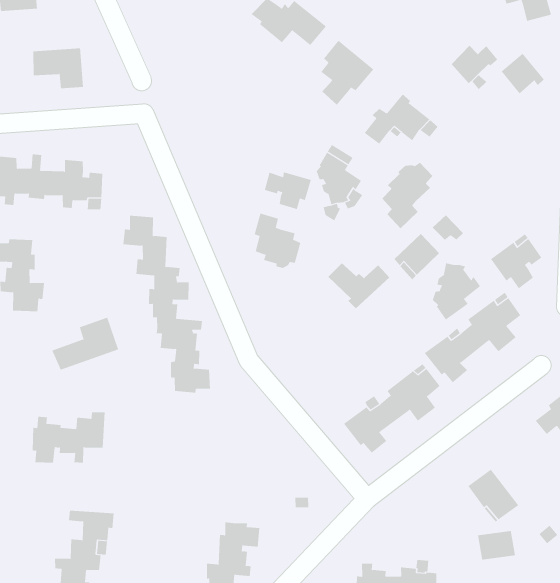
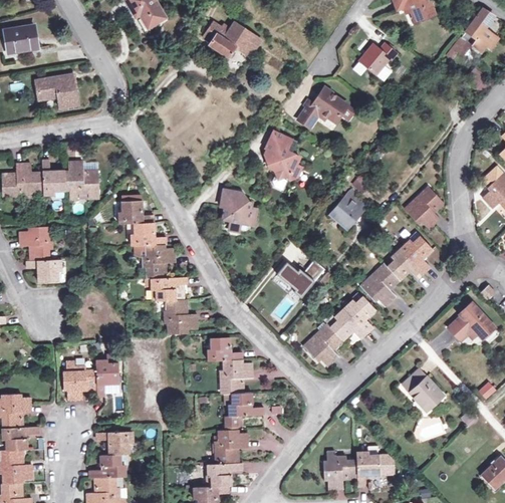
building: [321,40,374,106] -> none
building: [501,53,545,94] -> none
building: [381,162,433,229] -> none
building: [264,171,311,210] -> none
building: [328,262,390,309] -> [276,261,324,297]
building: [432,263,481,321] -> none
building: [52,317,119,370] -> none
building: none -> [206,335,263,427]

